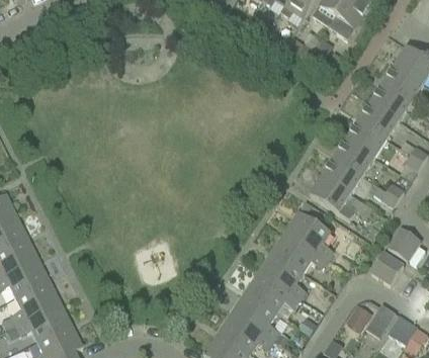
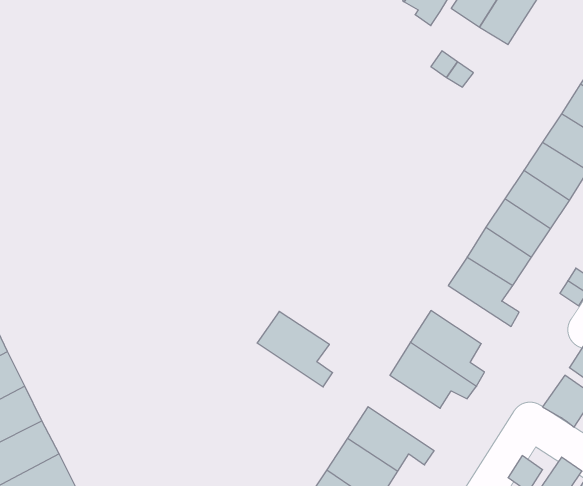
building: [258,252,307,300] -> [257,311,333,387]

